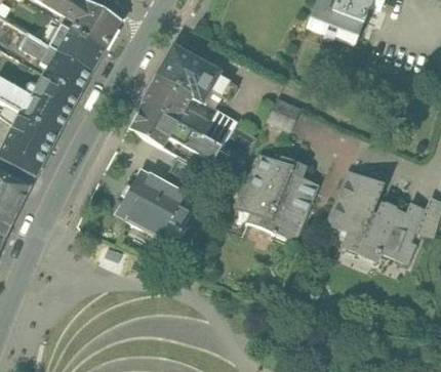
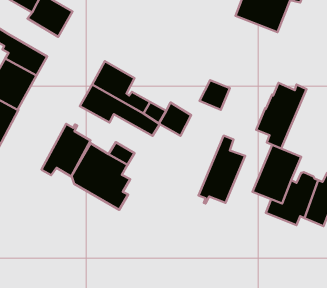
building: [48,22,105,70] -> none
building: [158,46,238,99] -> none
building: none -> [42,124,90,177]
building: [236,153,293,228] -> [256,83,306,149]

